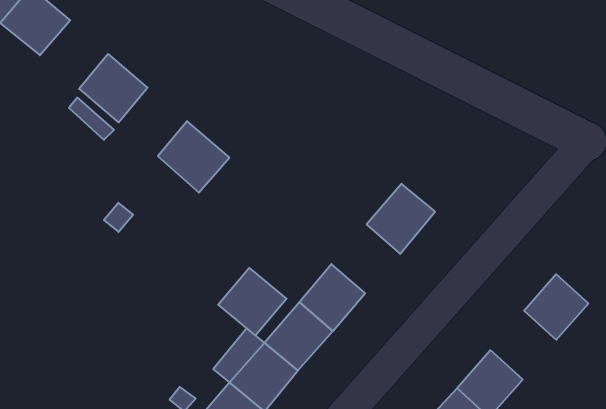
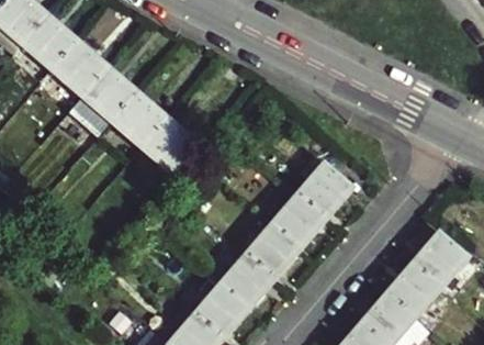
building: none -> [52,42,103,93]
building: none -> [111,92,162,144]
building: none -> [271,196,323,247]
building: [218,268,287,335] -> none
building: none -> [391,260,440,312]

